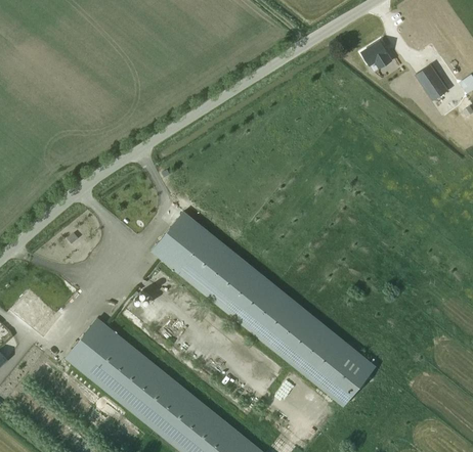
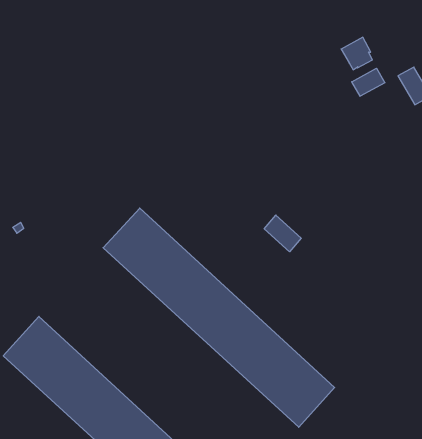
building: none -> [352,68,385,96]
building: none -> [264,215,301,252]

